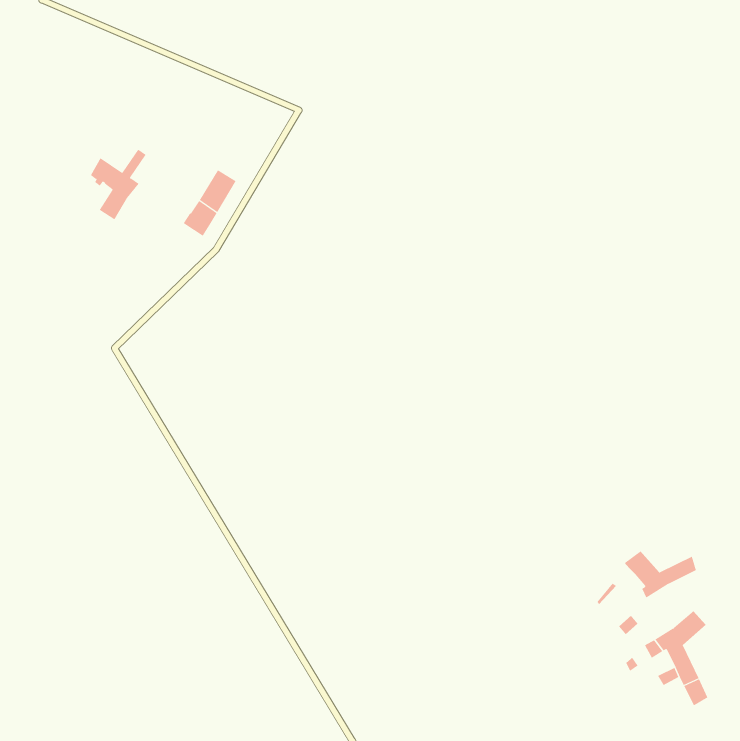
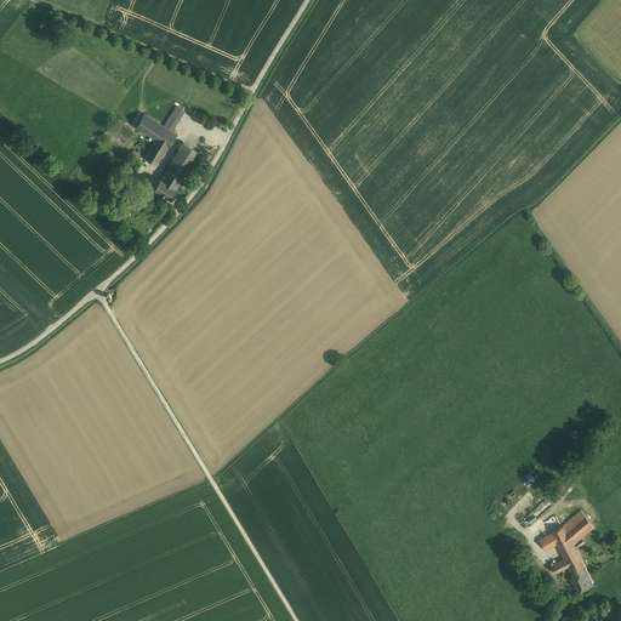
building: [90,149,147,220] -> [135,106,182,165]
building: [624,550,697,599] -> none

